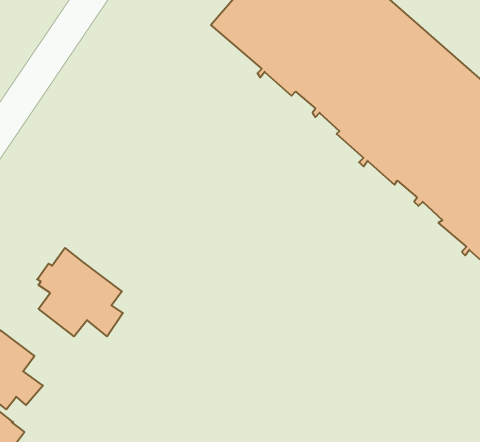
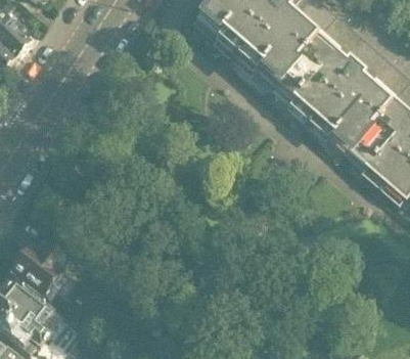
building: [37,248,123,336] -> none

